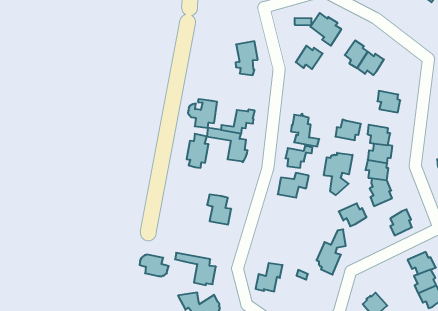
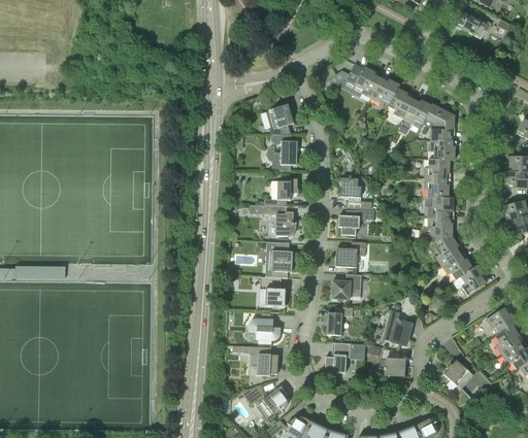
building: [296,46,323,69] -> [371,78,399,103]
building: none -> [425,104,454,141]
building: [188,99,217,128] -> [267,141,297,171]
building: [335,120,361,140] -> [424,159,450,179]
building: [187,134,209,168] -> [271,242,293,278]
building: [324,153,352,195] -> none
building: none -> [332,274,361,300]
building: [339,203,367,226] -> [441,255,472,280]
building: none -> [327,306,353,336]
building: [140,255,169,276] -> [249,318,280,340]
building: none -> [378,348,404,376]

